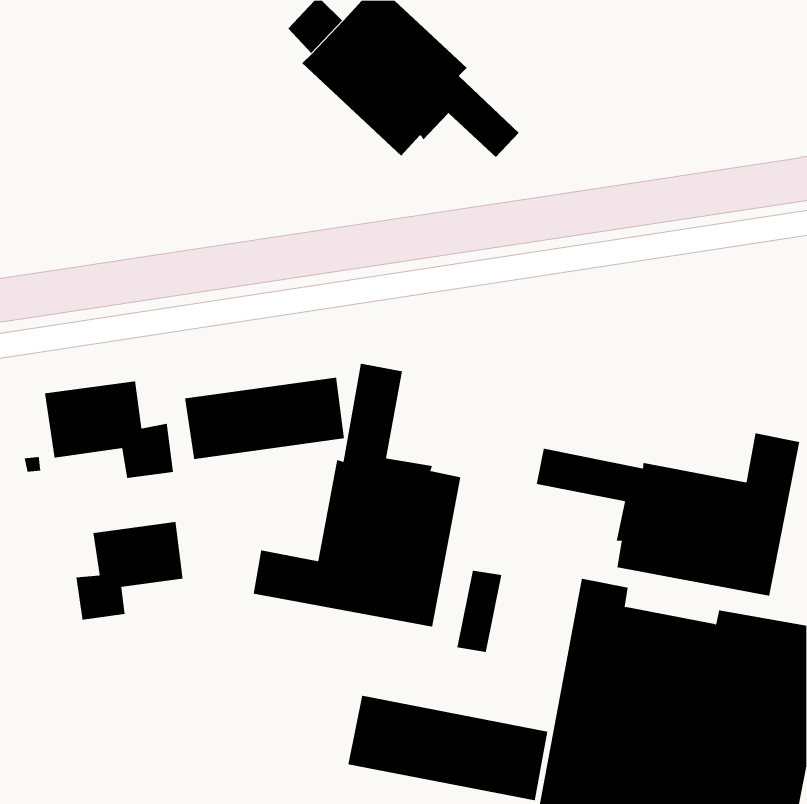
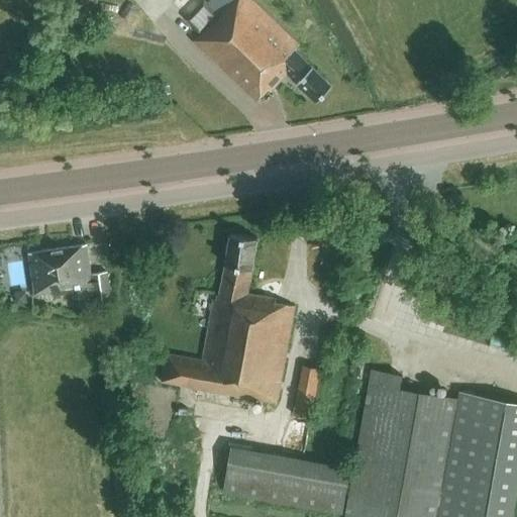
building: [185,377,344,460] -> none
building: [536,433,800,597] -> none
building: [76,521,183,620] -> none

